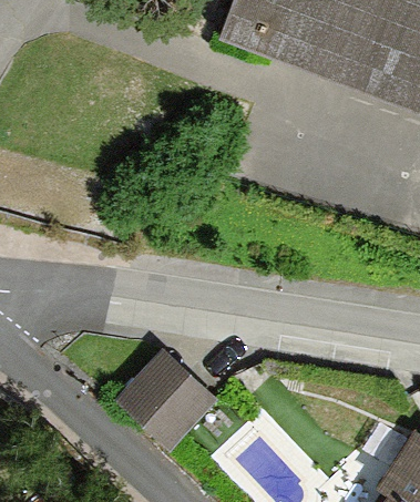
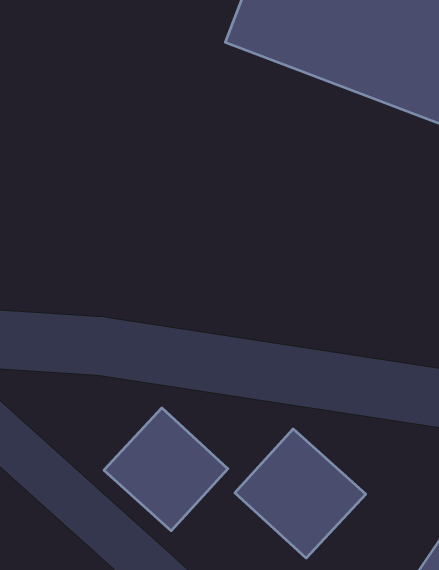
building: none -> [235,429,366,558]

